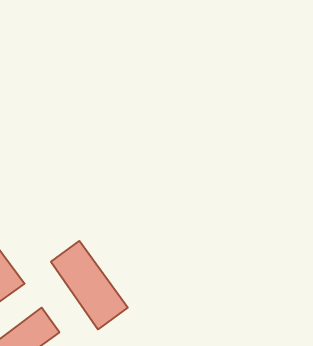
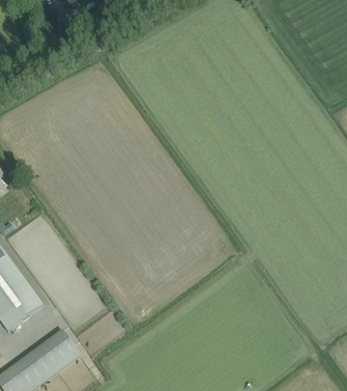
building: [51,241,128,329] -> none

